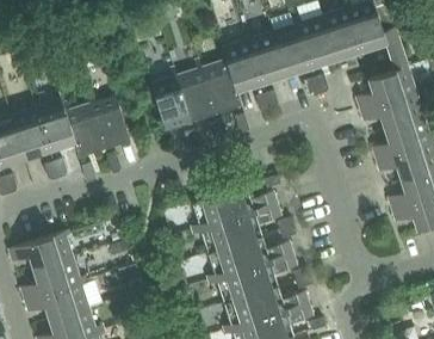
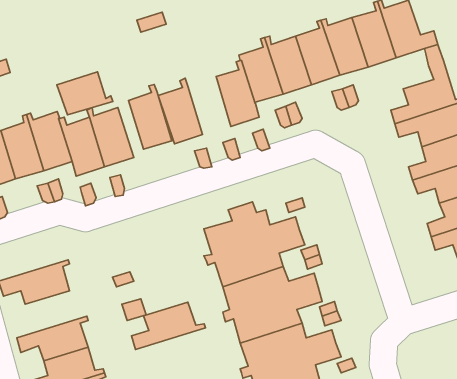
building: [176,63,215,121] -> [129,84,172,149]
building: none -> [57,72,113,115]
building: [21,259,87,301] -> [131,302,205,349]

